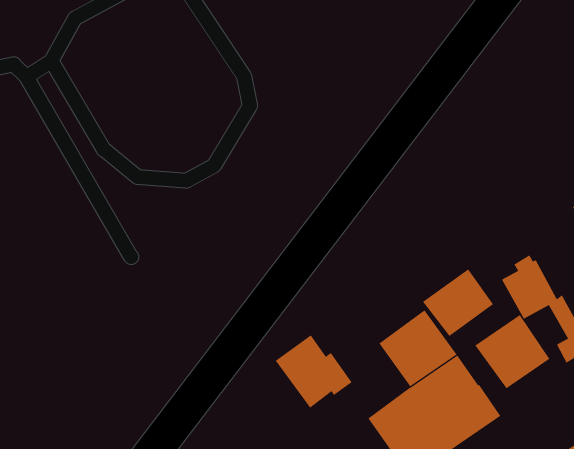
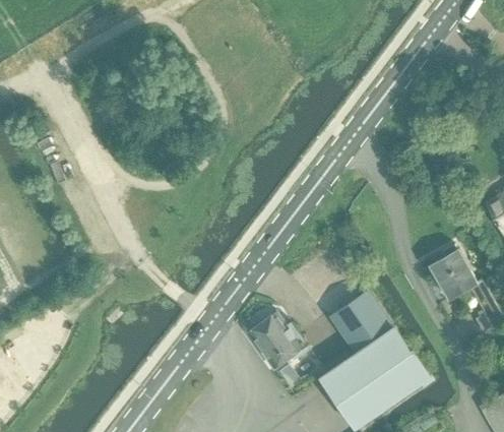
building: [422,268,494,337] -> none
building: [475,314,550,389] -> none

